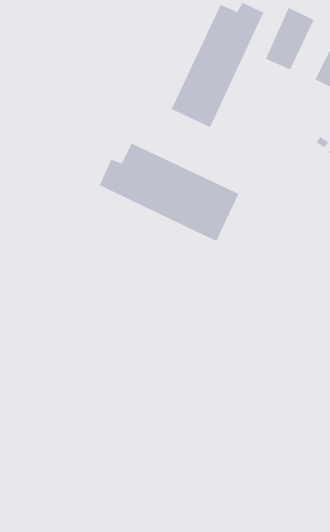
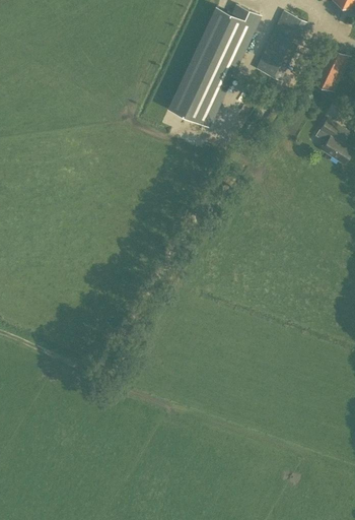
building: [99,143,239,242] -> none

